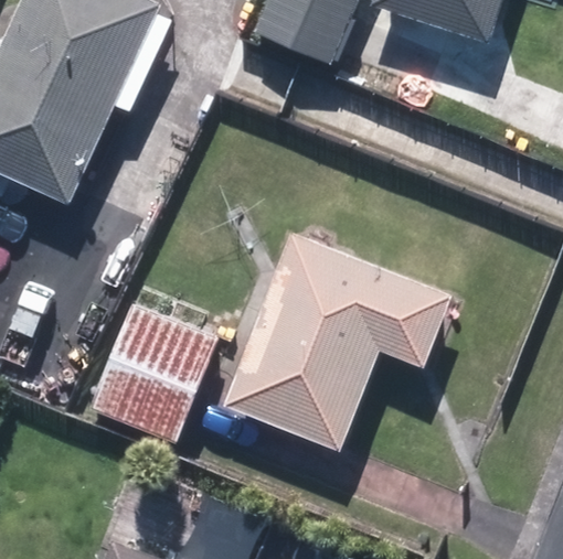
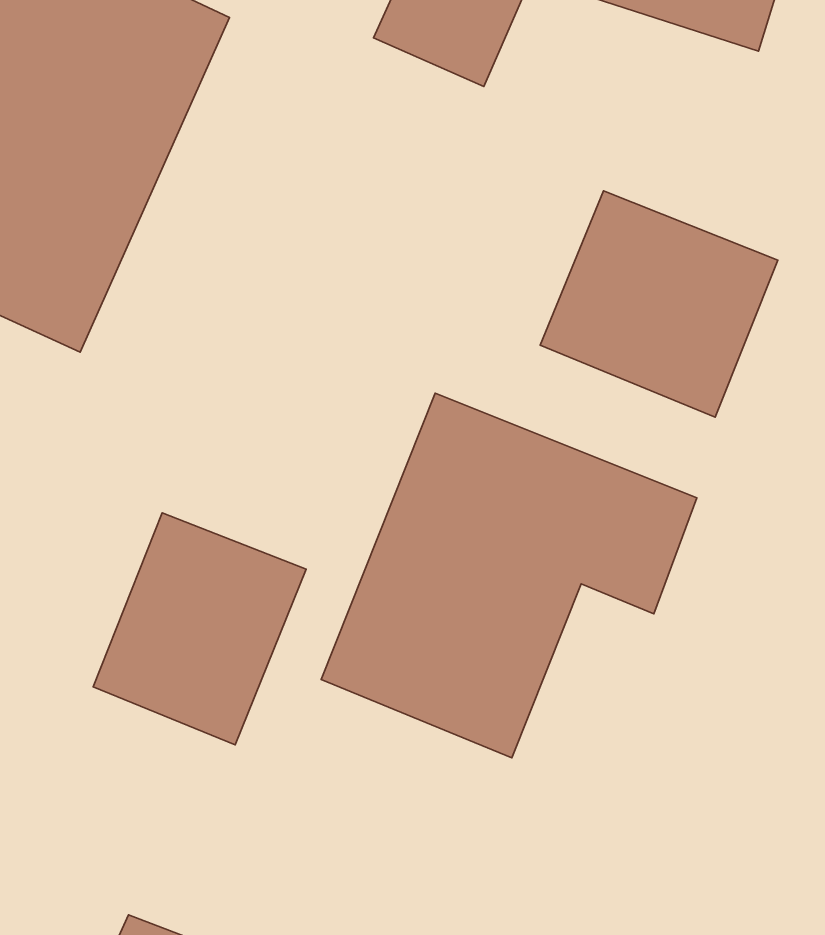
building: none -> [540,191,778,417]

